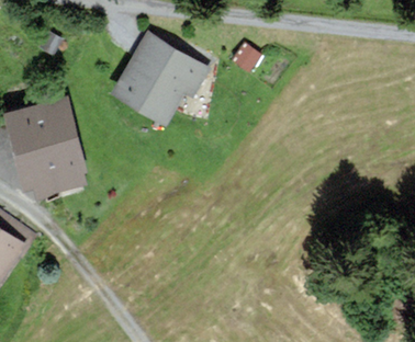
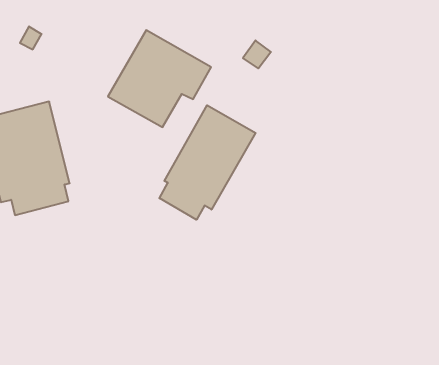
building: none -> [159,105,256,220]

